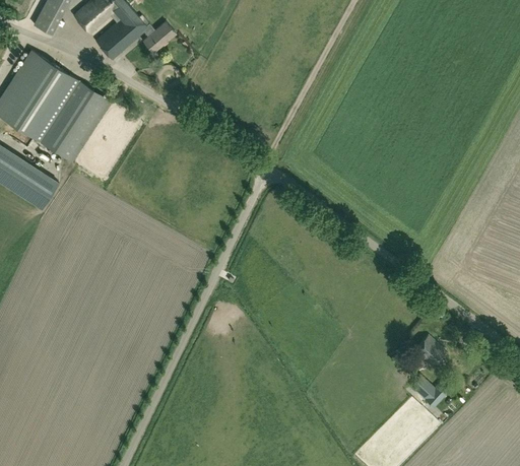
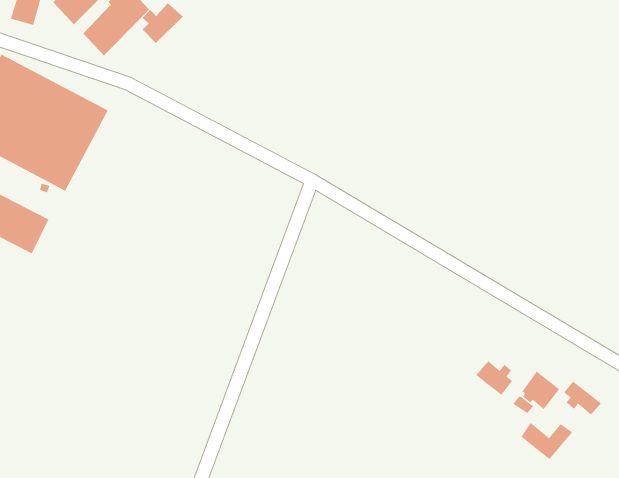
building: none -> [475,360,513,396]
building: none -> [563,380,602,415]

